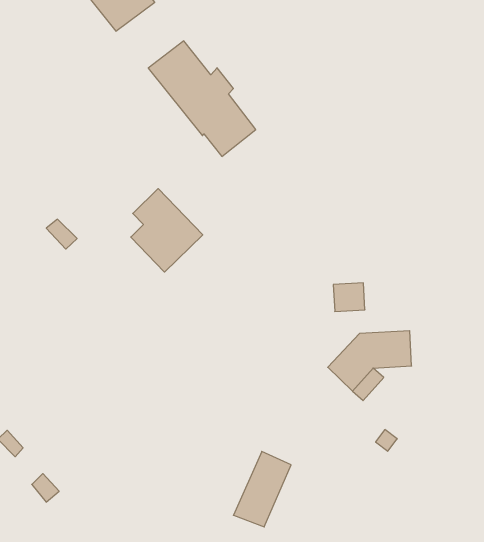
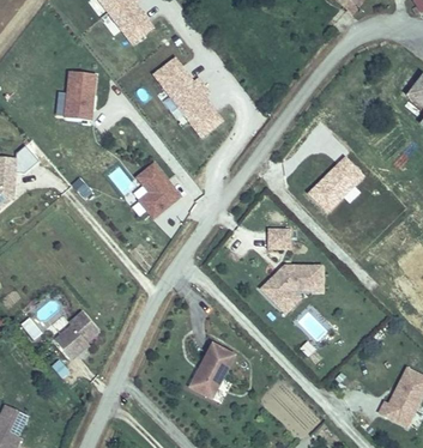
building: none -> [60,65,92,115]
building: none -> [302,152,358,208]
building: none -> [58,313,101,355]

